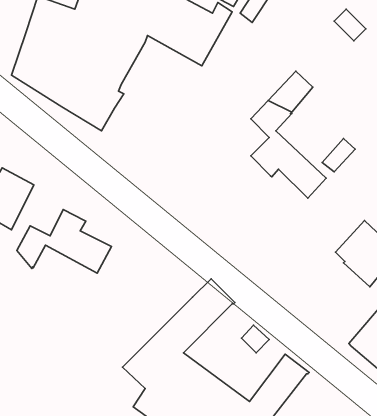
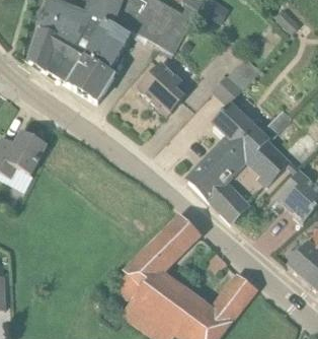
building: none -> [137,61,190,115]
building: none -> [187,131,292,222]
building: [17,210,111,273] -> none

